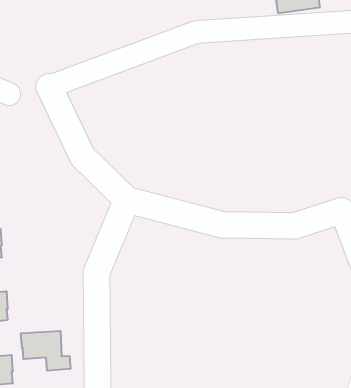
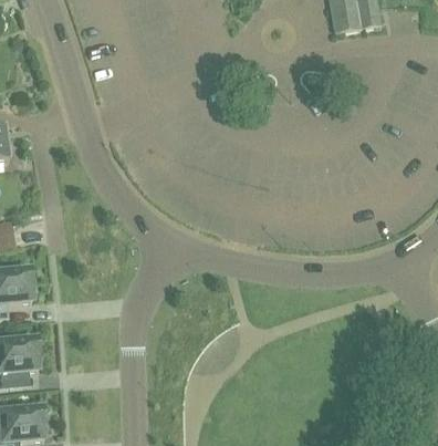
building: [21,331,70,371] -> none

